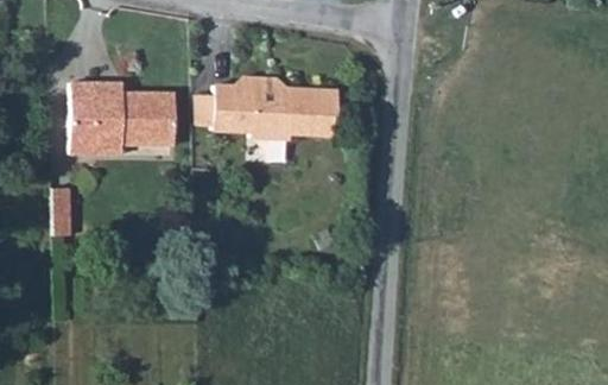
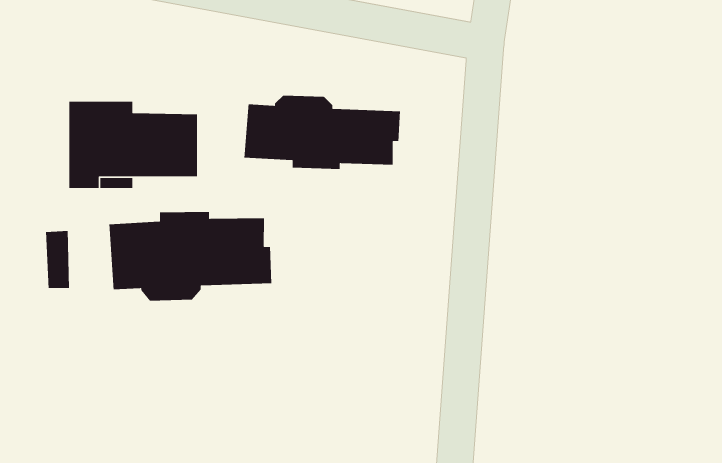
building: none -> [109,211,272,301]

